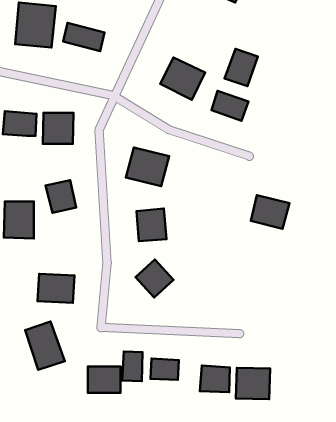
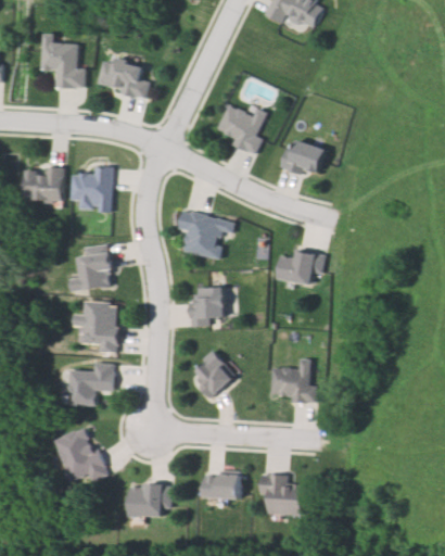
building: [225,49,258,86] -> none
building: [251,195,290,229] -> [277,245,325,287]
building: [4,201,34,239] -> [79,304,116,350]
building: none -> [267,358,319,401]
building: [122,352,143,381] -> none
building: [236,368,270,399] -> none

